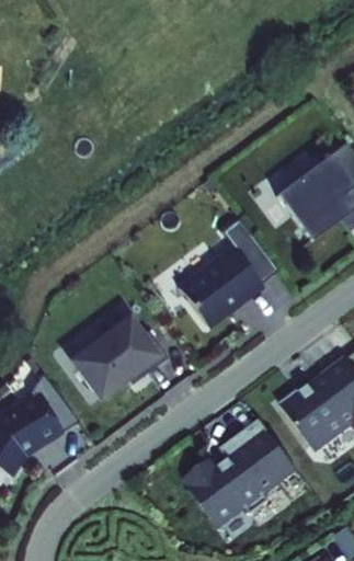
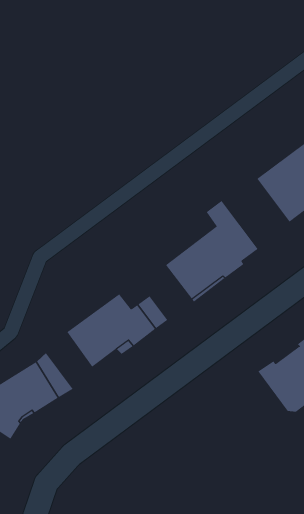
building: [185,419,297,527] -> none

